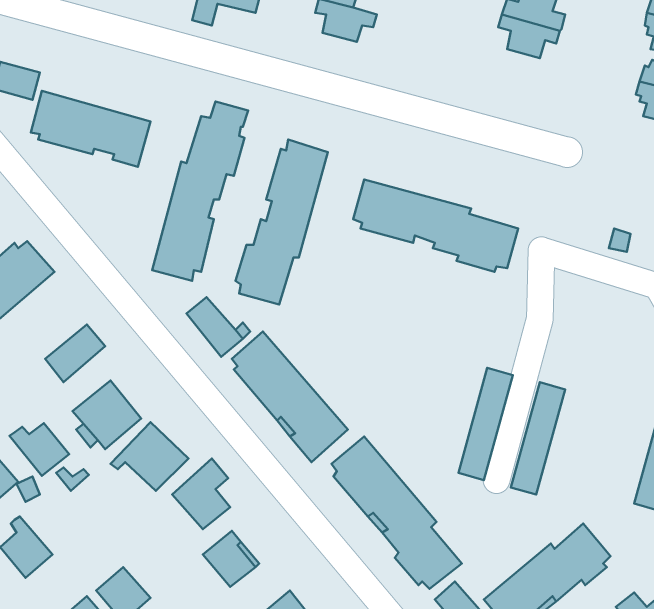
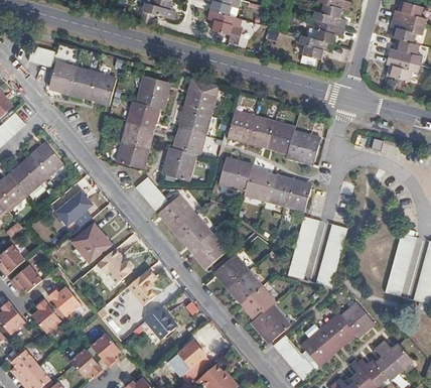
building: none -> [299,35,332,59]
building: none -> [219,158,310,211]
building: [9,423,69,476] -> [47,287,81,316]

